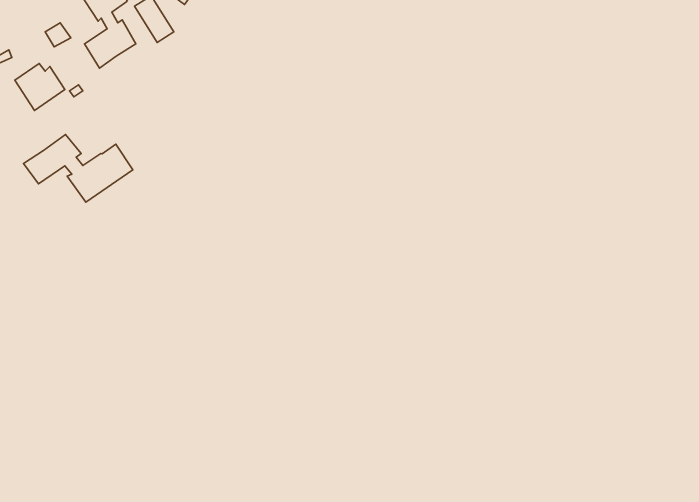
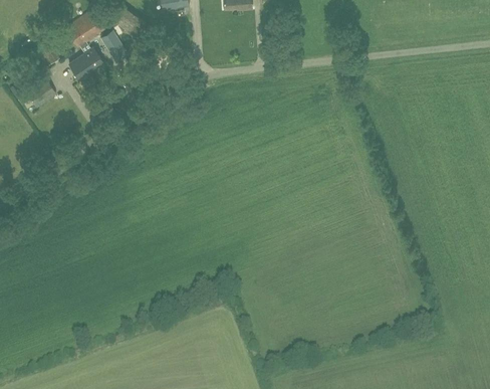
building: [24,135,133,202] -> none

